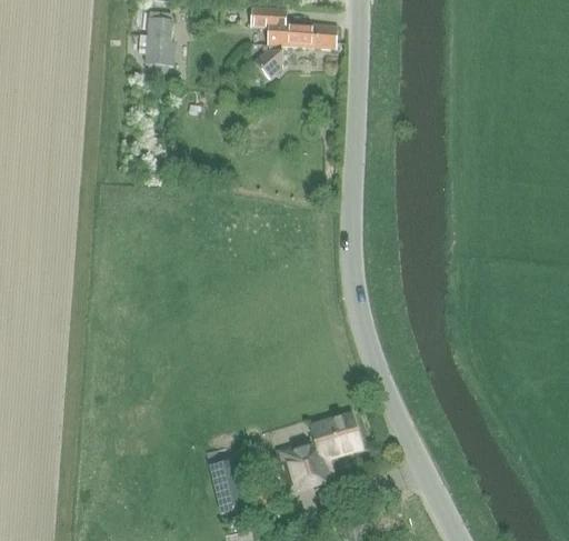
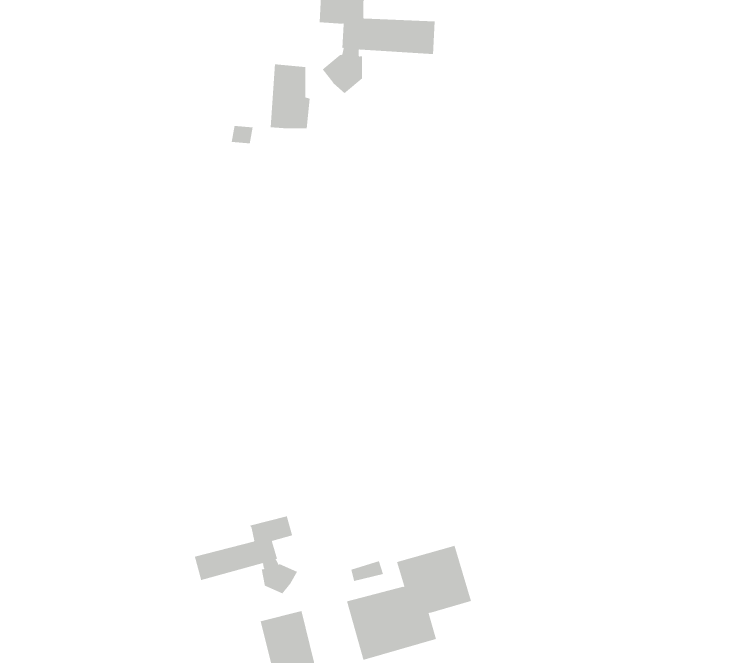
building: [146,17,176,64] -> [270,64,311,129]
building: none -> [194,516,298,594]

